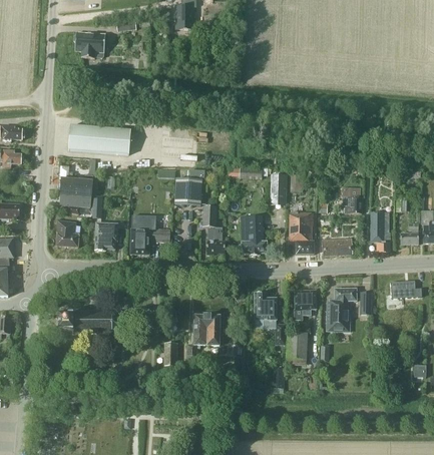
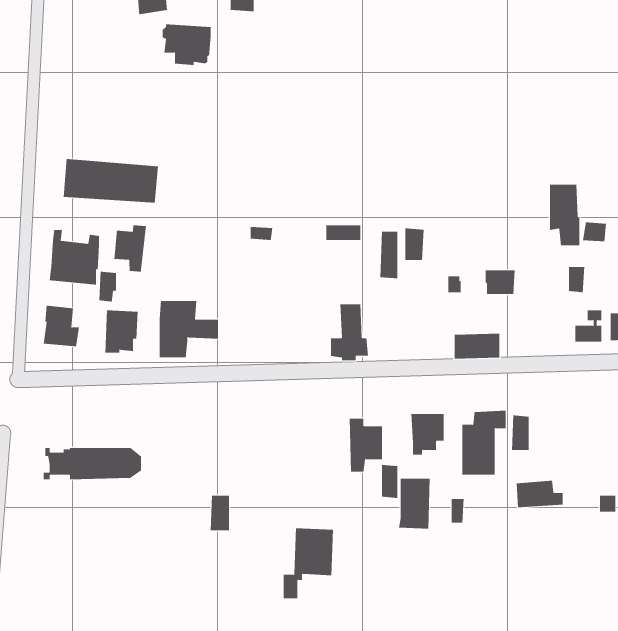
building: [73,31,105,58] -> [162,24,211,65]
building: none -> [114,224,146,272]
building: [174,178,201,204] -> none
building: [202,205,226,253] -> none
building: [290,211,314,254] -> none
building: [370,211,390,252] -> [549,184,580,246]
building: [390,280,421,298] -> [516,480,564,508]
building: [186,314,220,360] -> [283,528,334,599]

